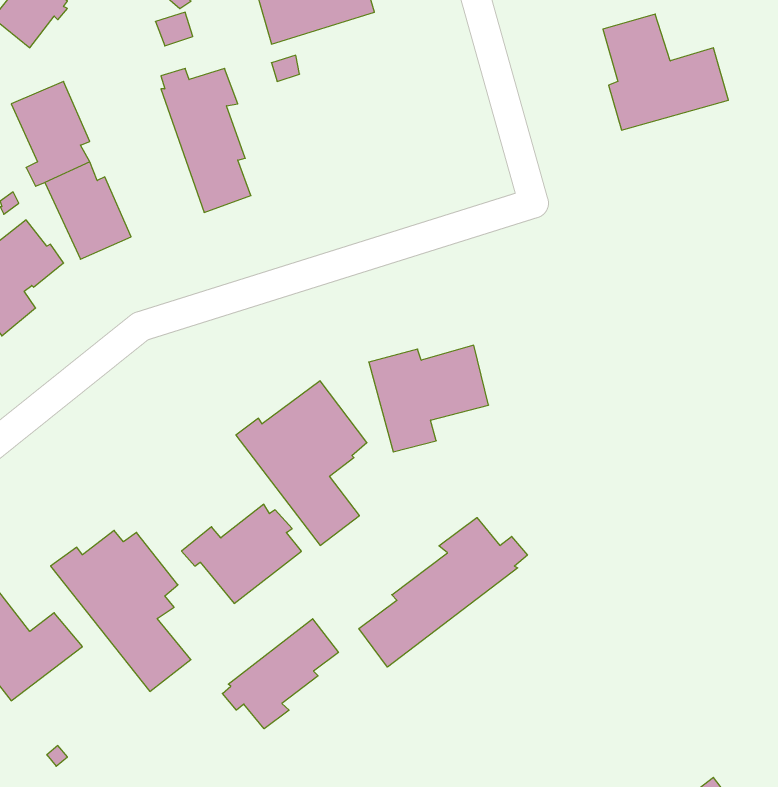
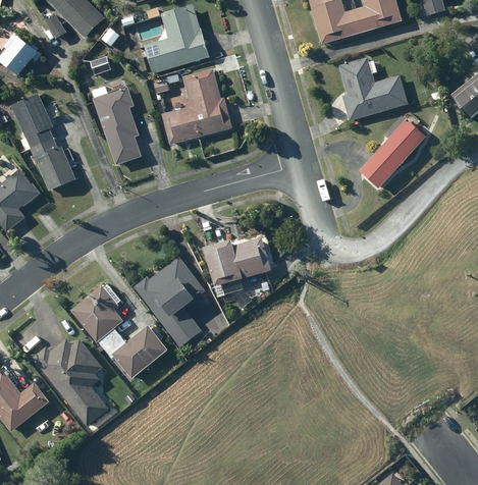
building: none -> [162,69,231,145]
building: none -> [353,115,419,187]
building: none -> [71,284,123,349]
building: [359,518,527,667] -> none
building: [222,619,338,729] -> none

